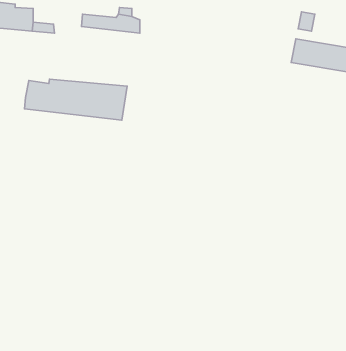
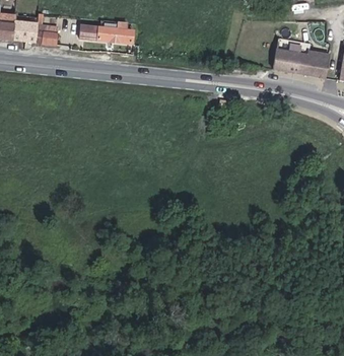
building: [24,79,127,120] -> none

